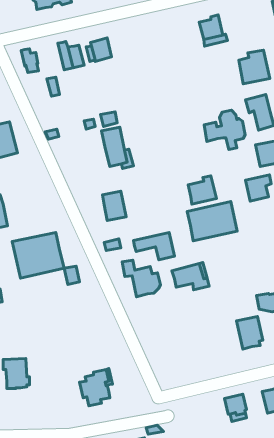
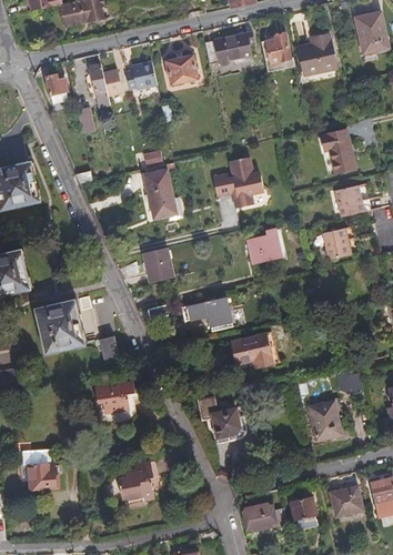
building: none -> [206,31,255,64]
building: none -> [168,54,198,82]
building: [239,50,270,84] -> [299,33,336,74]
building: [204,110,245,150] -> [214,159,264,206]
building: [187,201,237,241] -> none
building: [122,260,160,297] -> [201,398,248,443]
building: none -> [94,381,135,415]
building: none -> [242,500,292,529]

